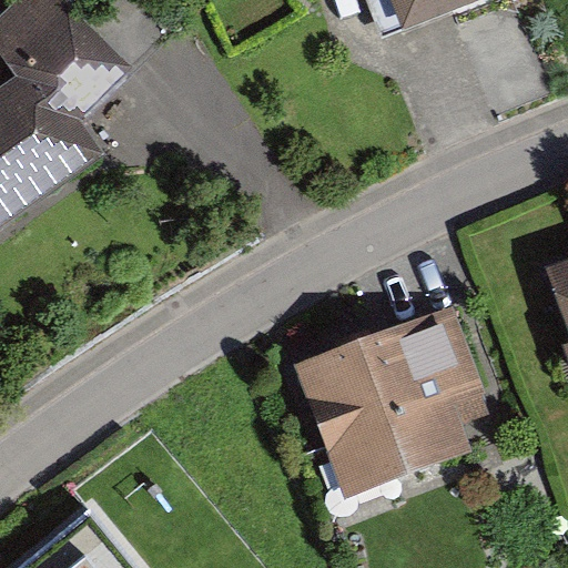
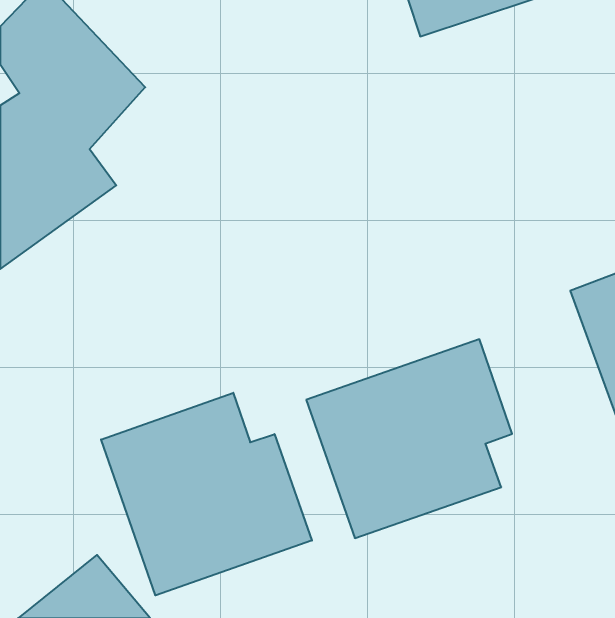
building: none -> [101,393,312,595]

